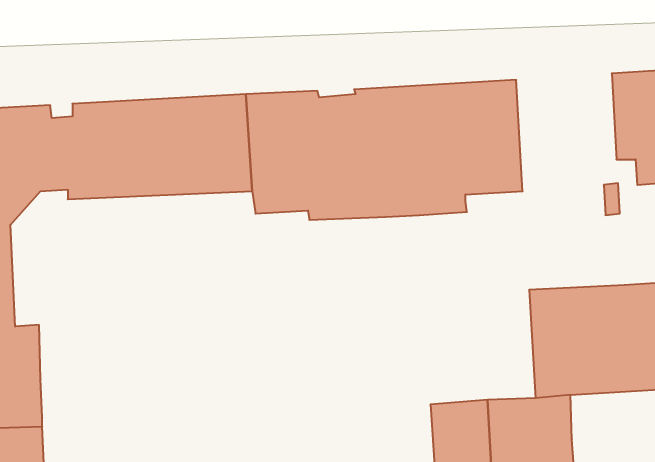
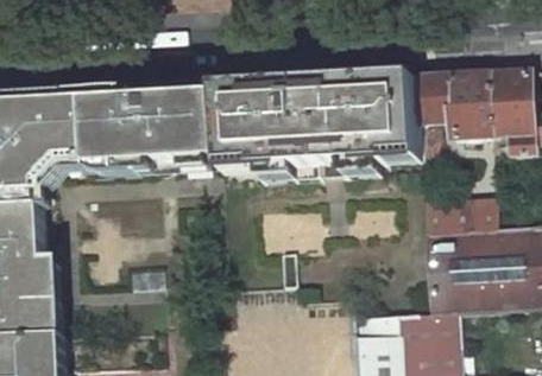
building: none -> [415,70,490,179]
building: none -> [422,196,496,231]

